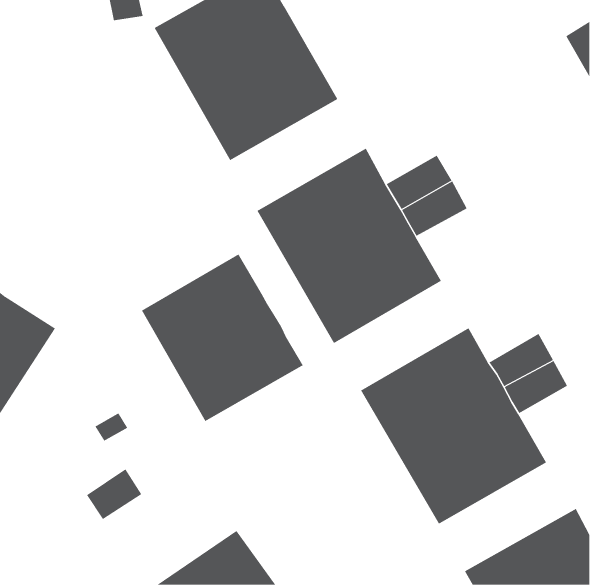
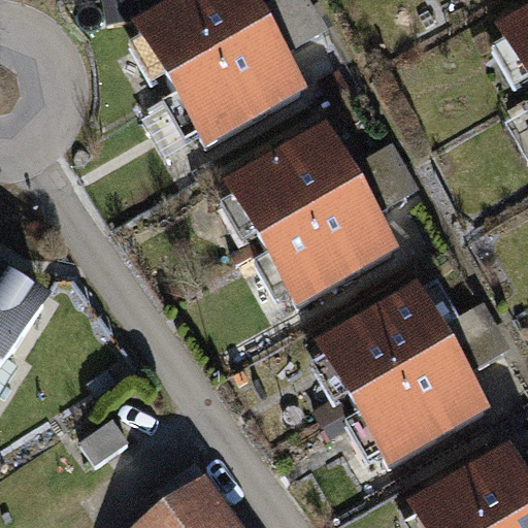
building: [141,253,303,422] -> none

